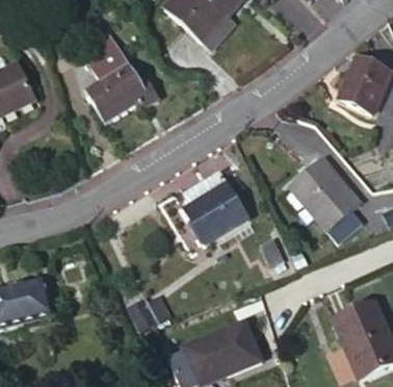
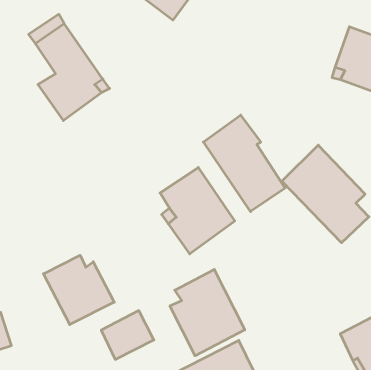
building: none -> [203,115,285,212]
building: none -> [43,255,114,325]
building: none -> [170,269,245,356]

